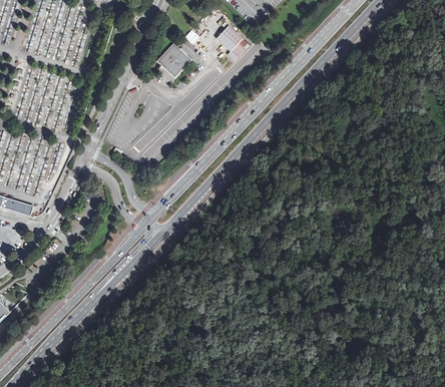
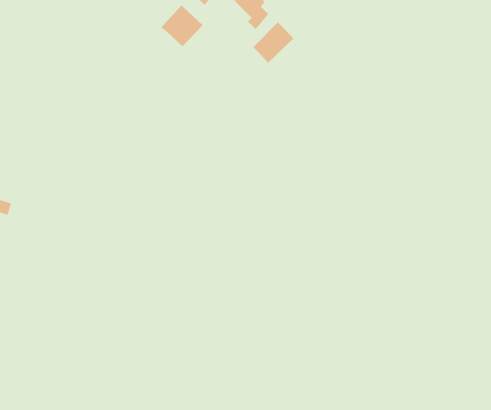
building: none -> [253,22,294,64]

